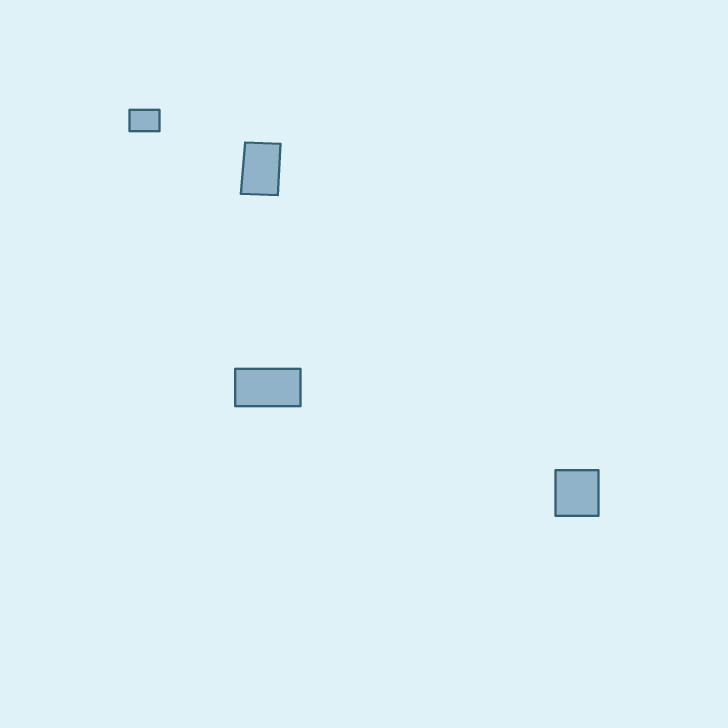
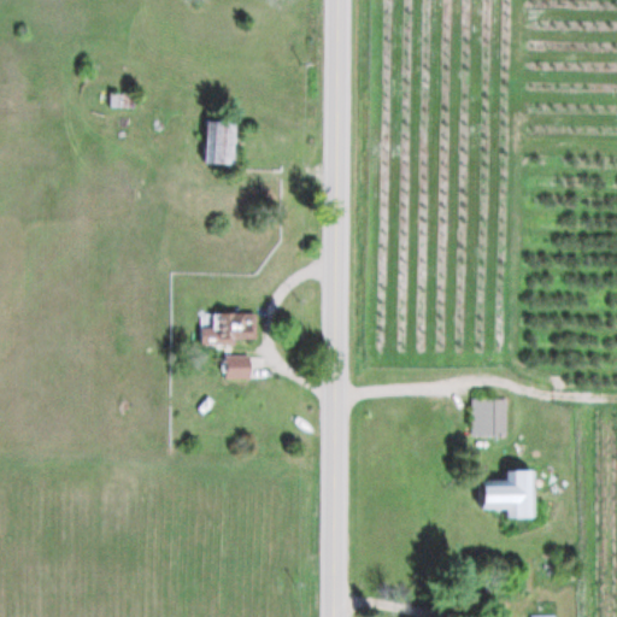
building: none -> [223,355,249,378]
building: none -> [483,470,536,518]

